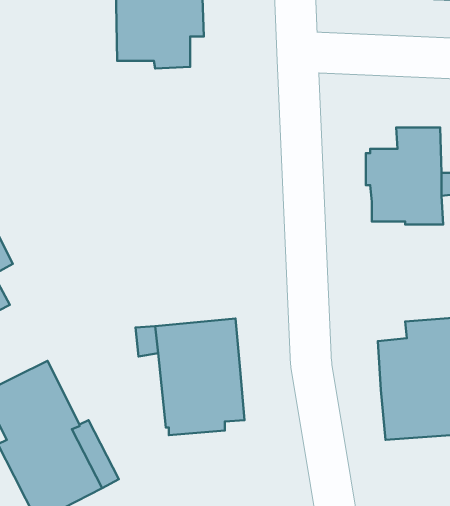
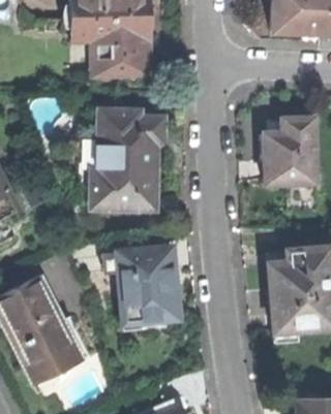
building: none -> [90,109,160,205]

